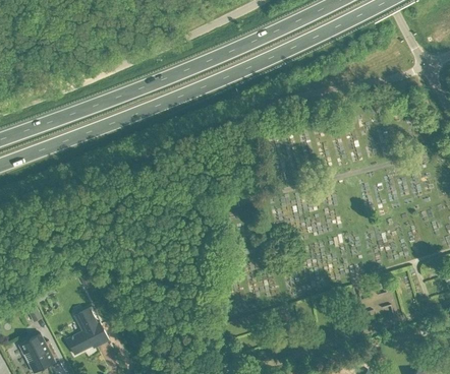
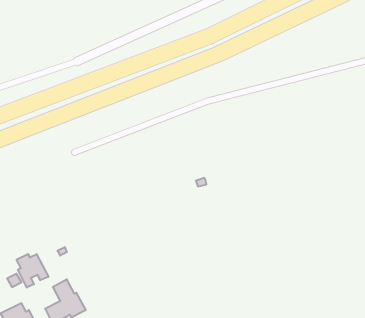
building: none -> [17,254,48,288]

